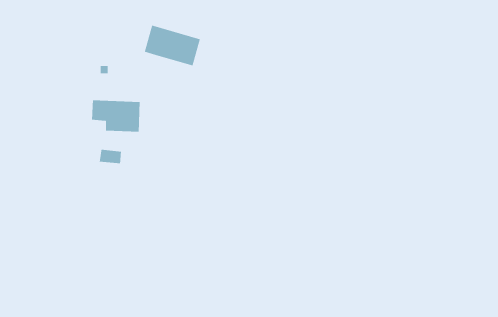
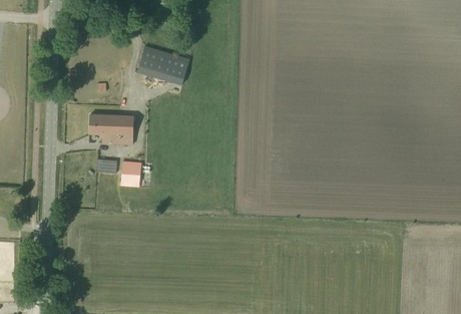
building: none -> [121,161,141,187]

